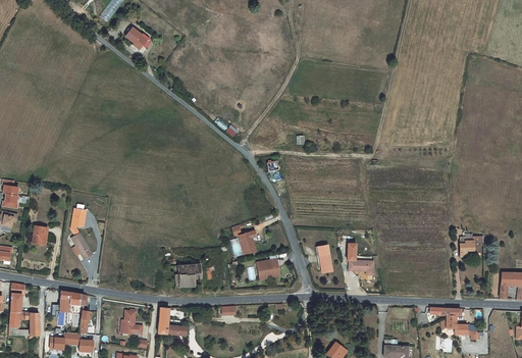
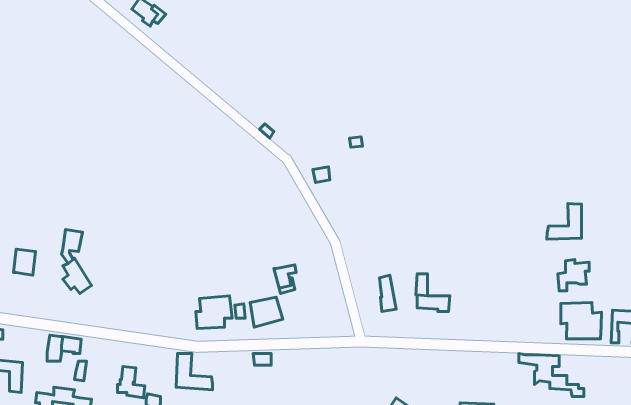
building: none -> [547,204,582,239]
building: [255,257,280,280] -> [250,297,283,327]
building: none -> [561,302,601,339]

